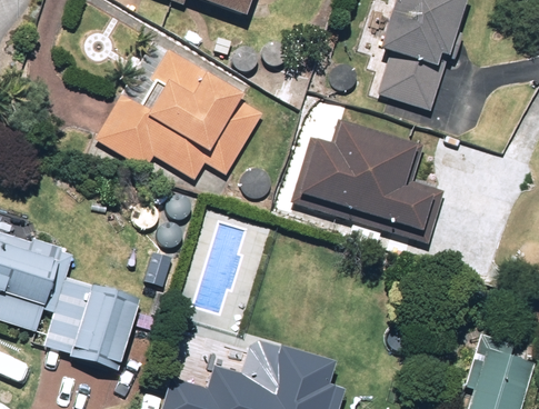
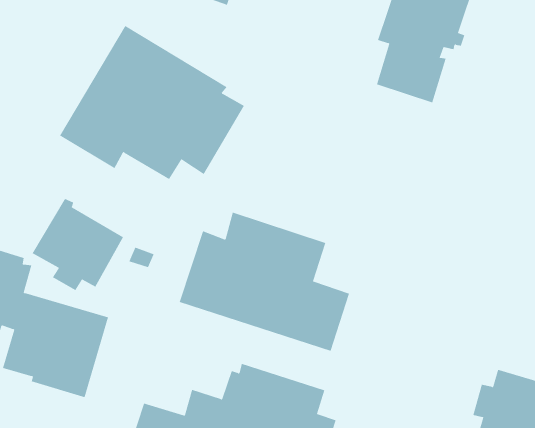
building: [290,117,443,242] -> [179,212,350,352]
building: none -> [32,198,124,291]

